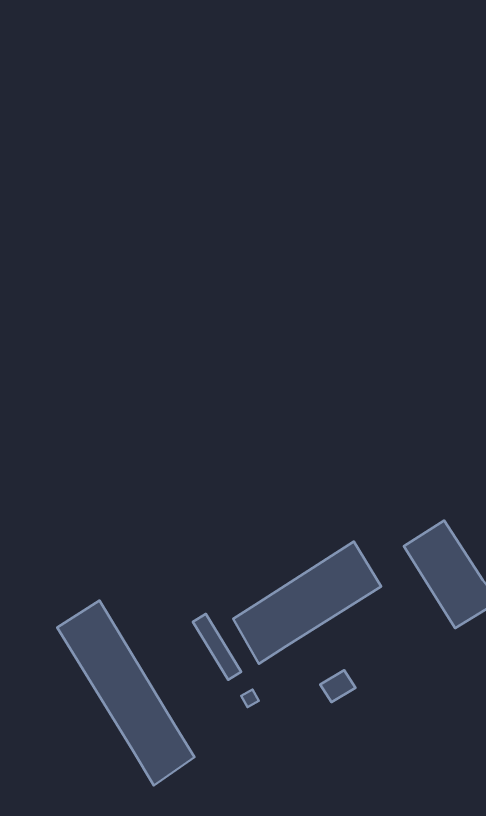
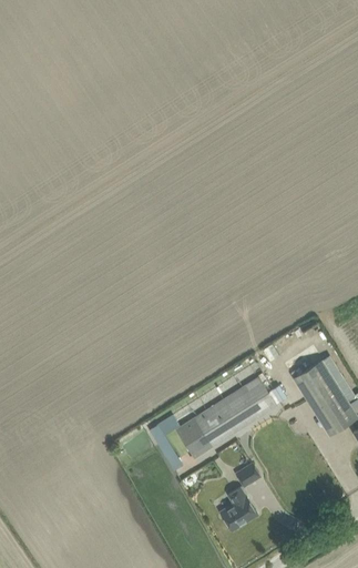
building: [57,600,194,785] -> none
building: none -> [221,488,258,528]

